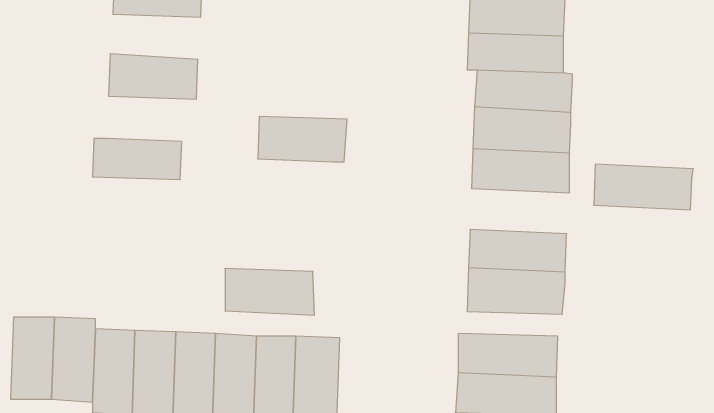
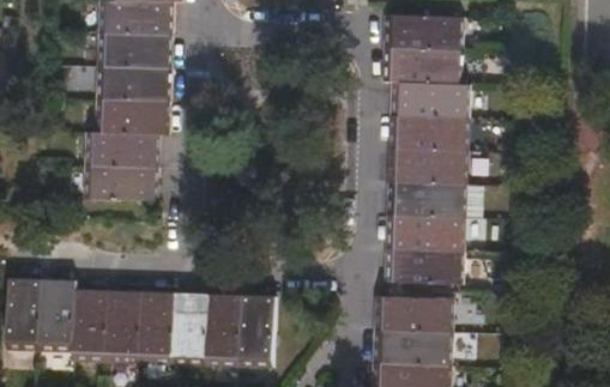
building: none -> [96,31,170,68]
building: [258,116,347,162] -> [93,98,167,135]
building: [594,164,693,210] -> [391,174,472,211]
building: [225,268,314,315] -> [81,164,155,202]

